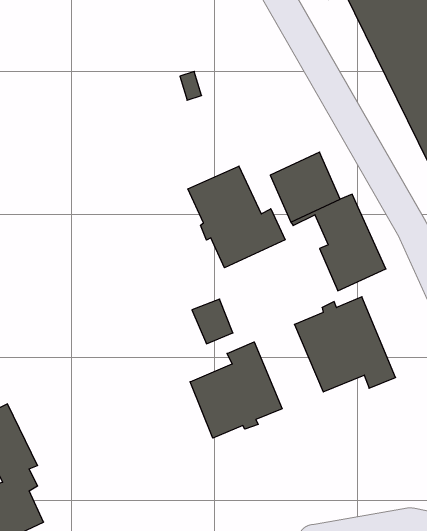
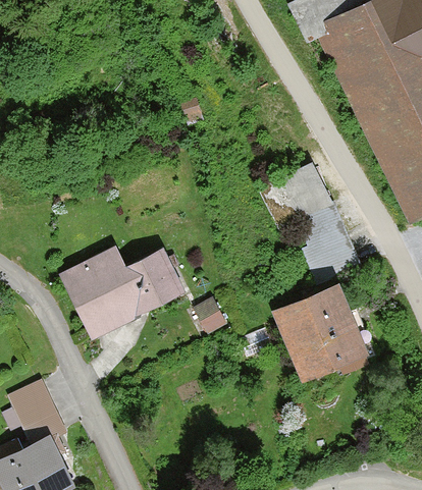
building: [188,166,285,268] -> none
building: none -> [68,250,181,330]
building: [190,342,282,438] -> none

